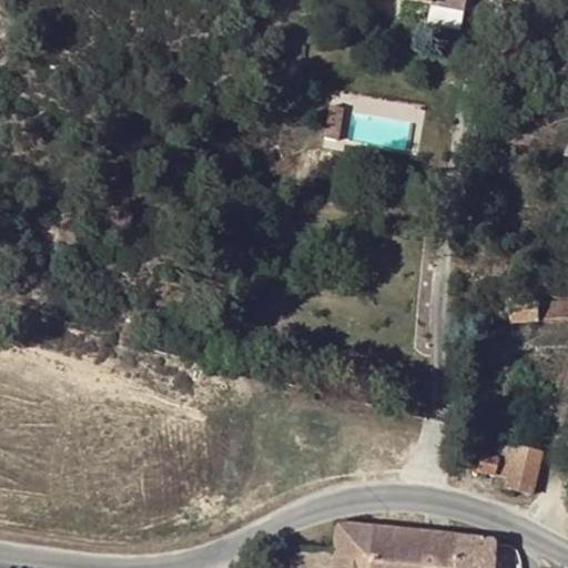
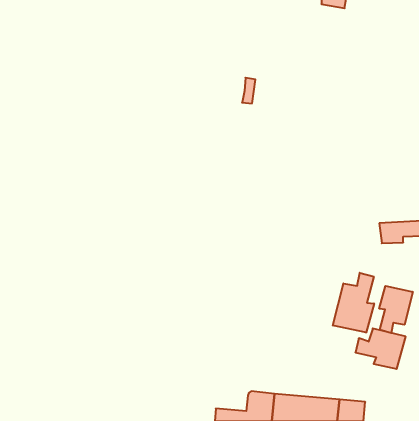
building: none -> [333,273,374,333]
building: none -> [379,286,413,333]

